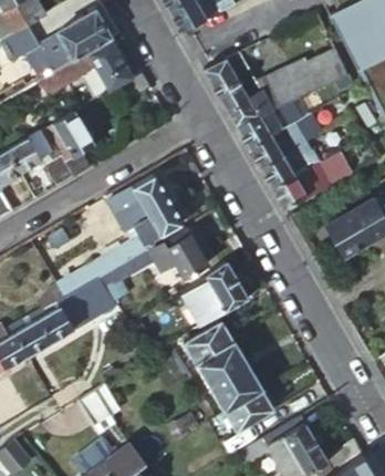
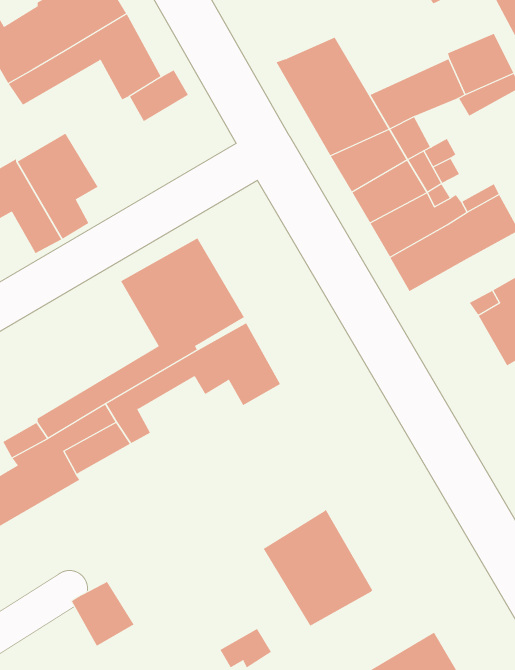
building: [179,262,250,313] -> none
building: [179,323,233,365] -> none
building: [225,392,274,433] -> none

